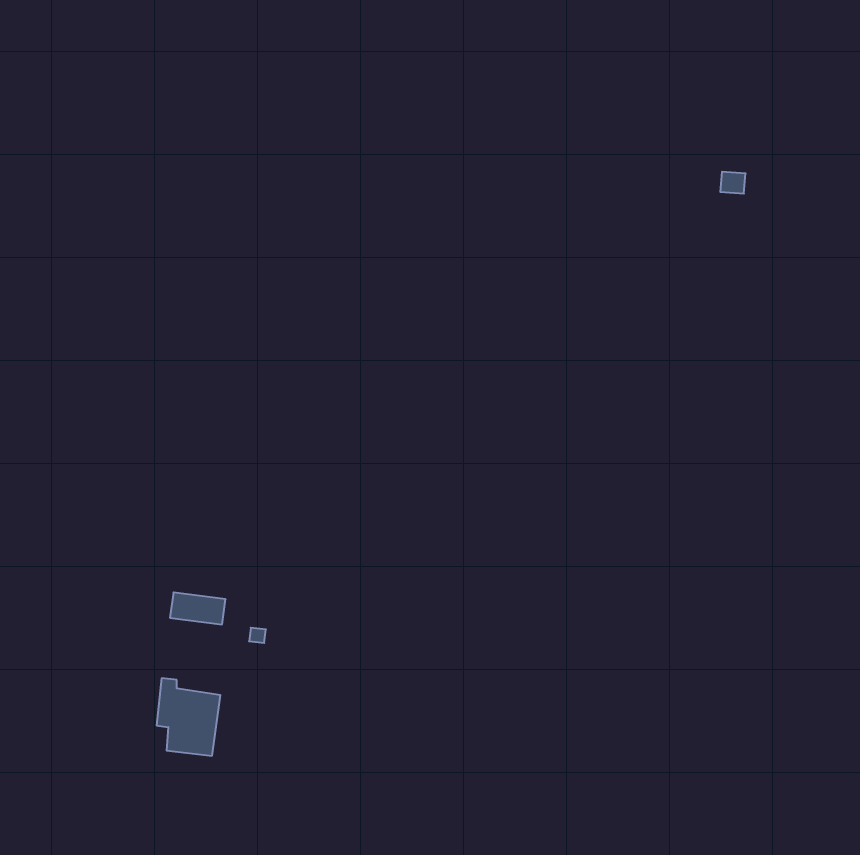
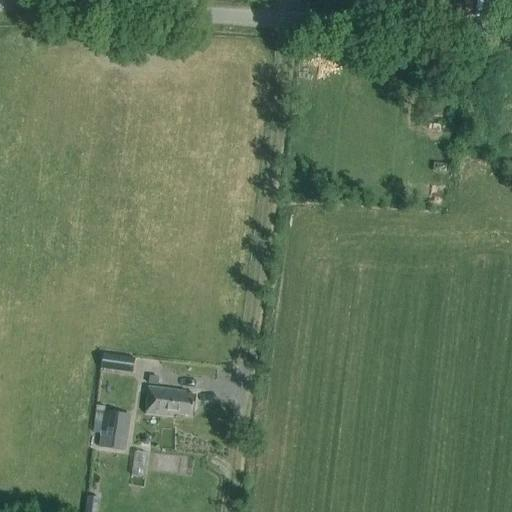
building: none -> [146,385,195,415]

